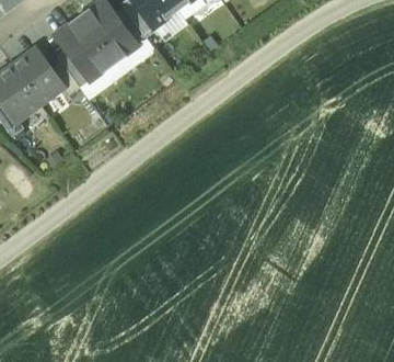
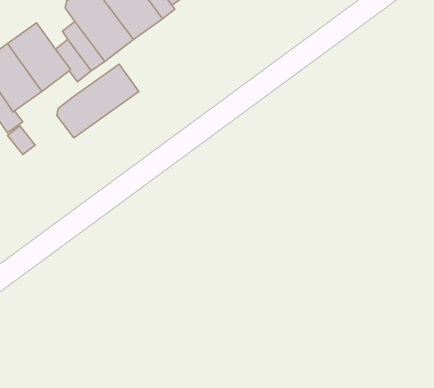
building: none -> [57,64,139,138]

